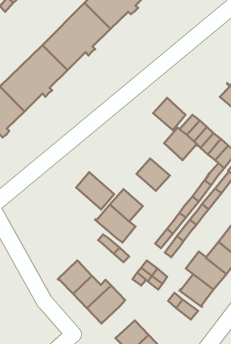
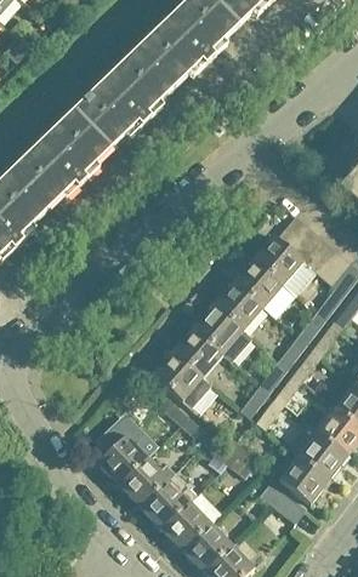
building: [153,98,186,130] -> [234,258,283,307]
building: [76,172,114,209] -> [194,304,251,360]
building: none -> [161,502,211,550]

